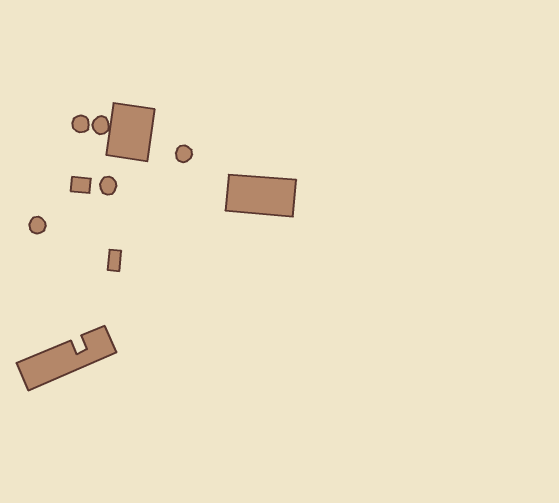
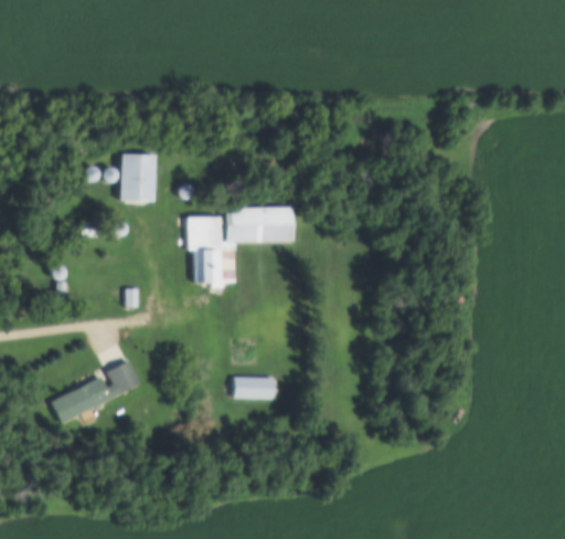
building: none -> [186,216,222,285]
building: none -> [234,378,274,400]

